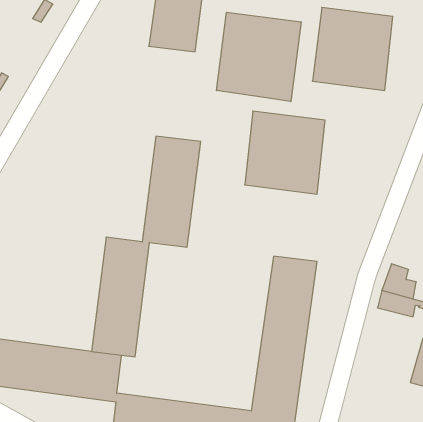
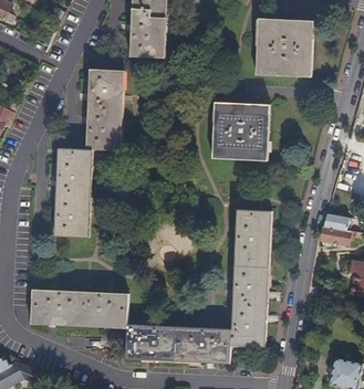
building: [217,12,301,102] -> none
building: [92,136,201,357] -> [56,69,125,236]

